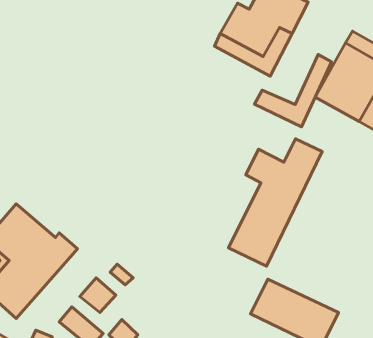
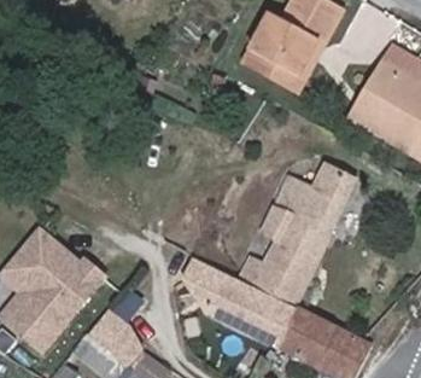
building: [254,55,332,127] -> none
building: none -> [185,260,299,345]

